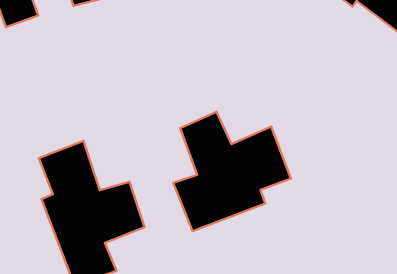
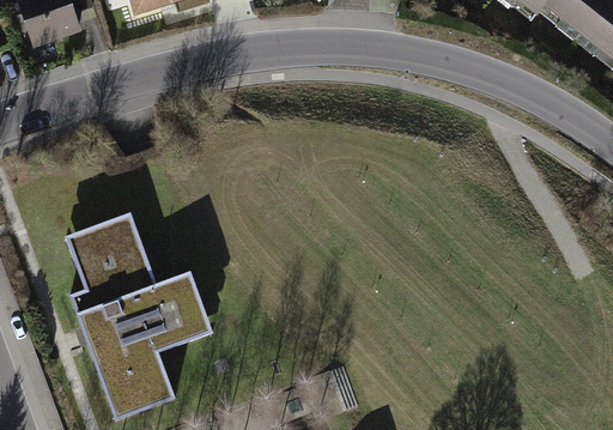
building: [173,112,291,231] -> none

